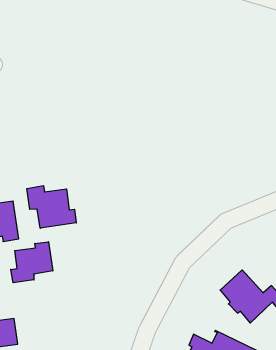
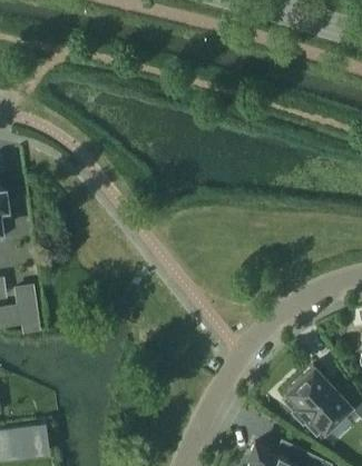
building: [27,186,76,228] -> none
building: [11,242,53,283] -> none

